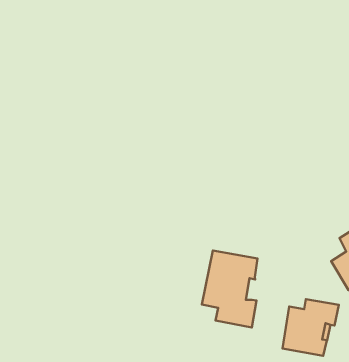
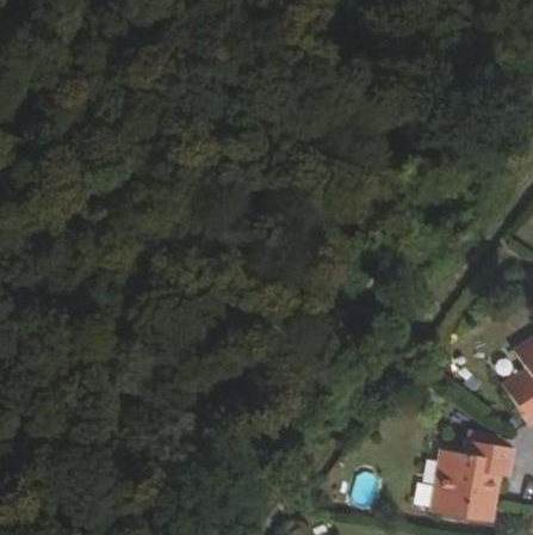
building: [202,250,258,328] -> none

